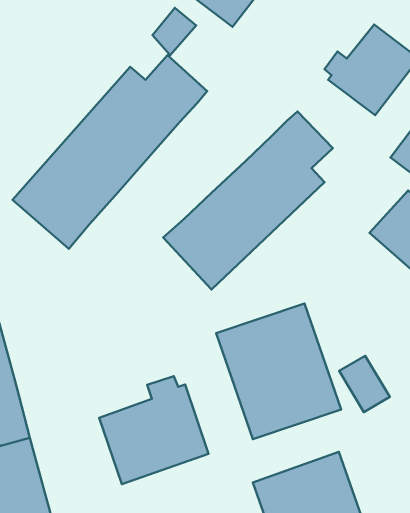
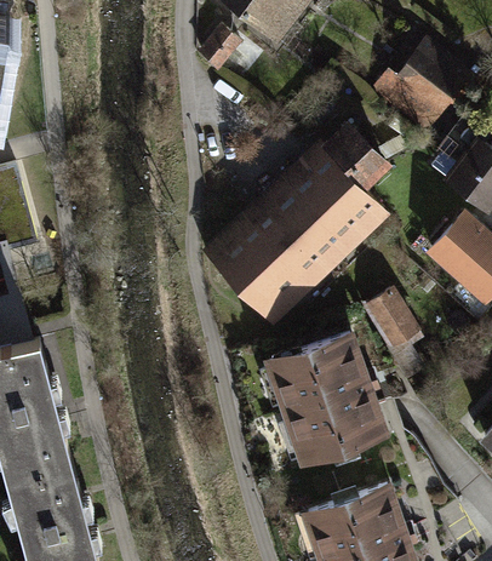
building: [12,55,207,249] -> none
building: [339,356,390,412] -> [364,292,416,350]
building: [99,376,208,484] -> none

